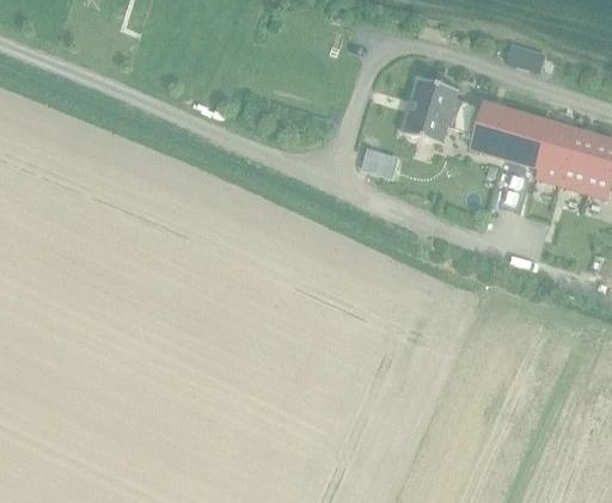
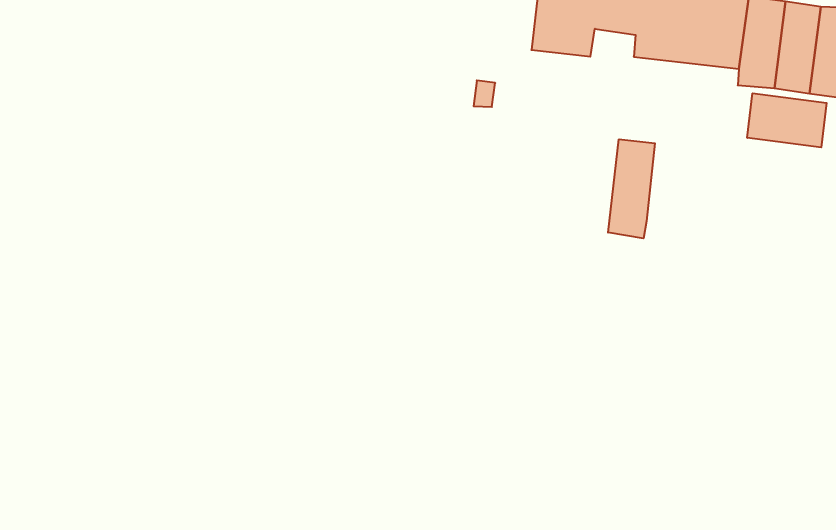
building: none -> [747,93,827,147]
building: none -> [608,139,655,238]

